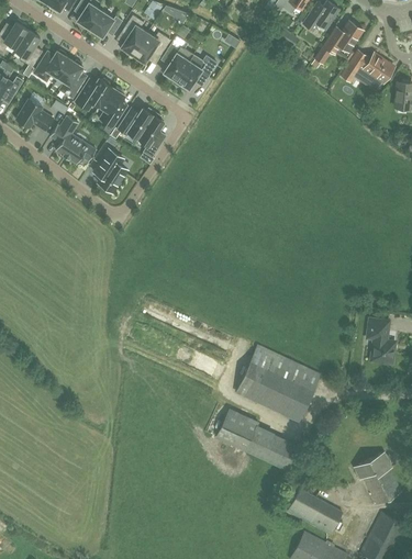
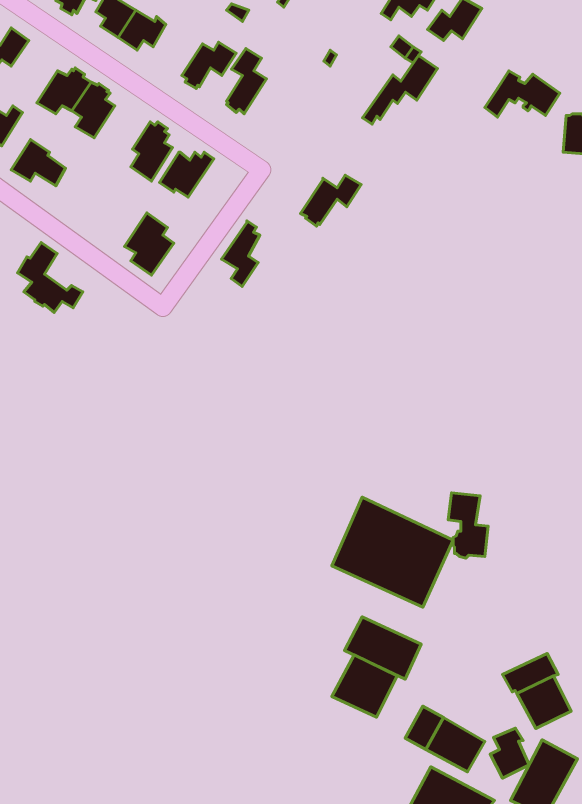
building: [120,13,146,54] -> none
building: [310,20,361,67] -> [363,56,437,124]
building: [13,30,38,66] -> none
building: [175,54,216,89] -> [301,175,361,226]
building: [74,77,110,109] -> none
building: [136,111,163,156] -> [221,221,260,286]
building: [49,114,94,163] -> [17,242,83,313]
building: [366,317,393,362] -> [448,493,488,558]
building: [213,406,258,449] -> [332,655,397,717]
building: none -> [490,728,529,778]

